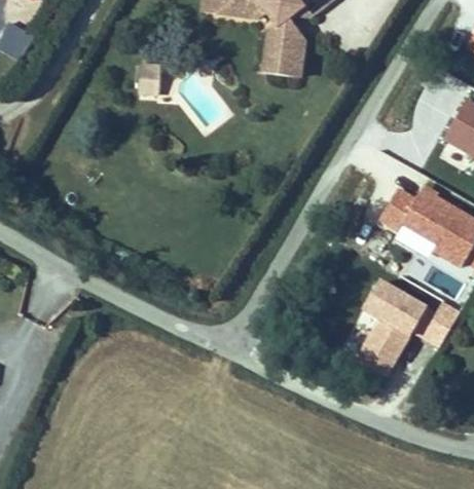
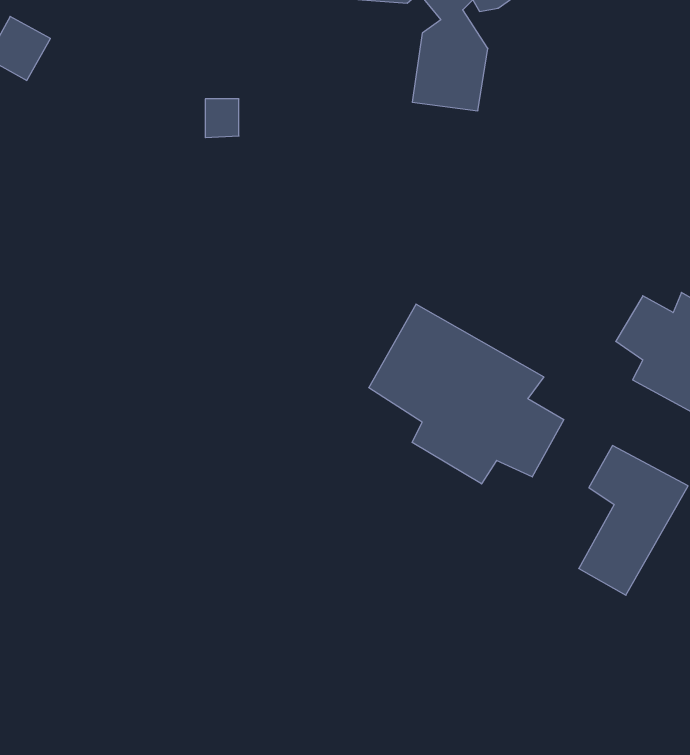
building: none -> [369,304,564,484]

